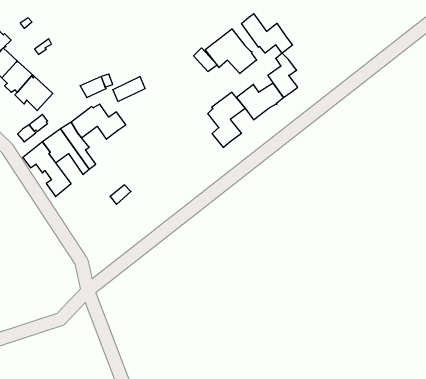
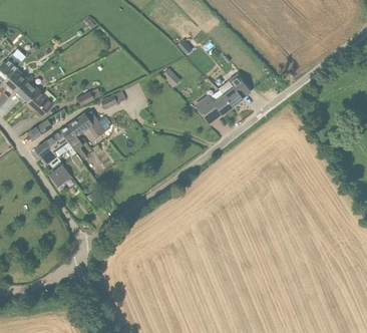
building: [242,14,293,53] -> none
building: [205,29,257,74] -> none
building: [208,92,245,147] -> none

